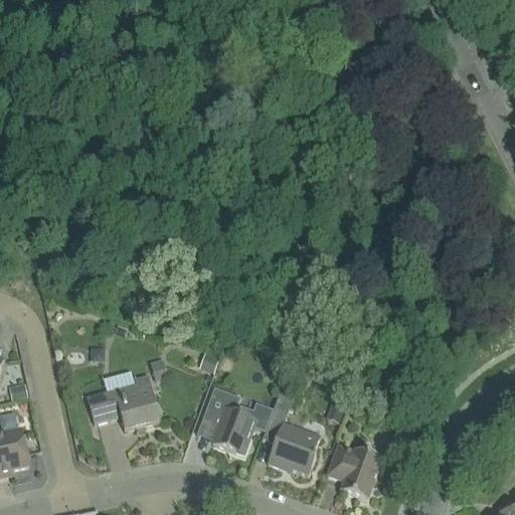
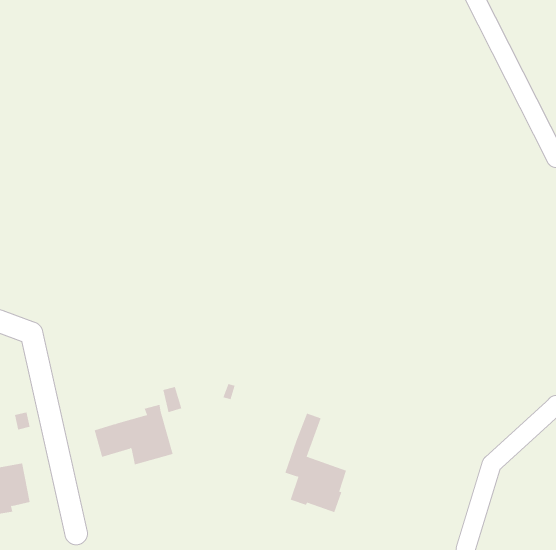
building: [203,385,255,453] -> none
building: [327,444,382,499] -> none

